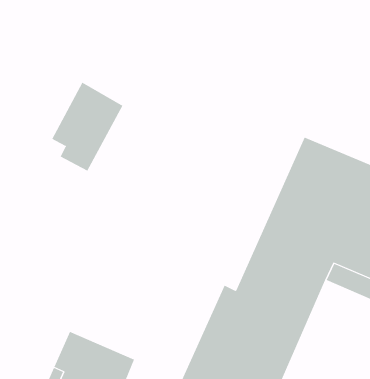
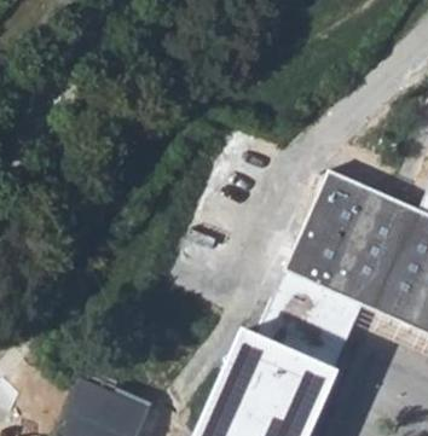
building: [51,82,123,172] -> none

